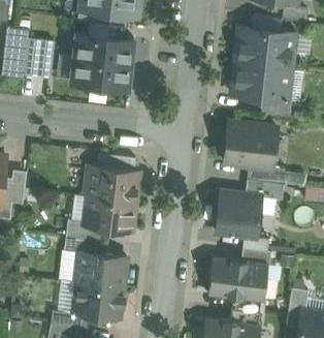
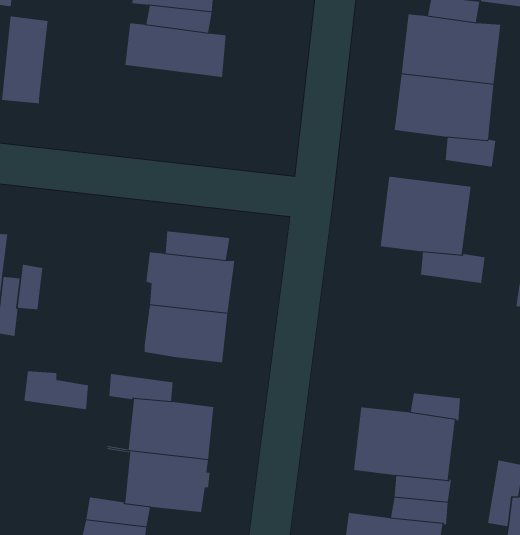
building: [25,39,54,80] -> none
building: [71,57,132,89] -> none
building: [216,191,261,238] -> none
building: [66,220,104,243] -> [24,371,89,410]

